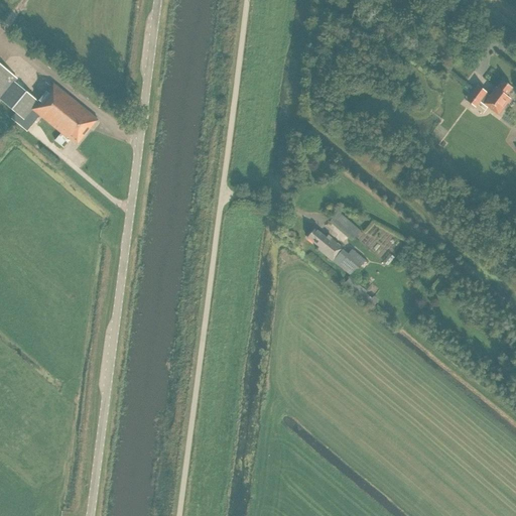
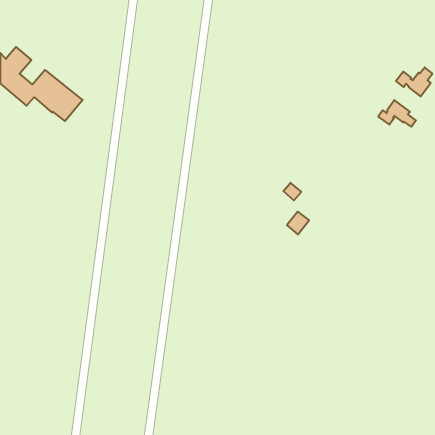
building: none -> [378,100,416,127]
building: [307,227,344,260] -> none

